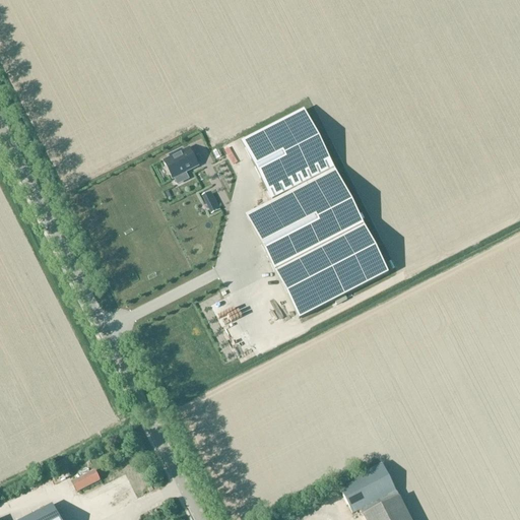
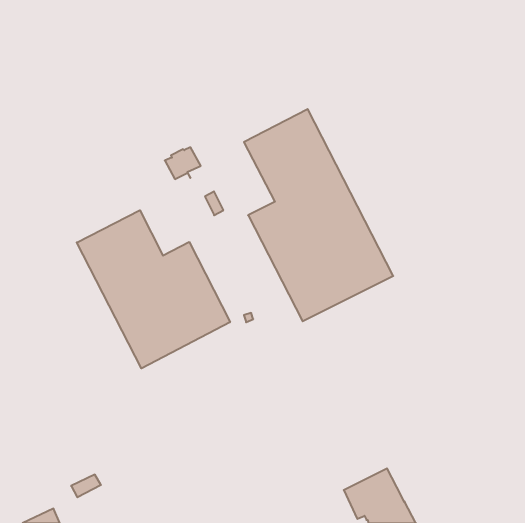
building: none -> [77,210,230,368]

